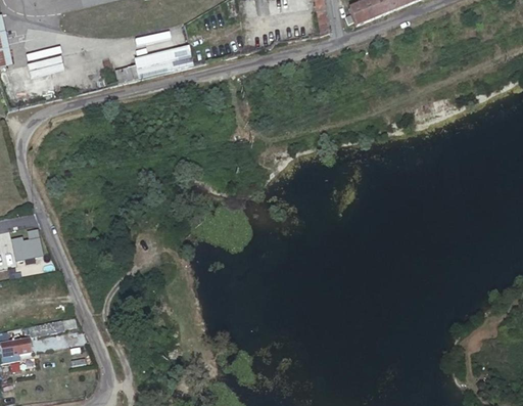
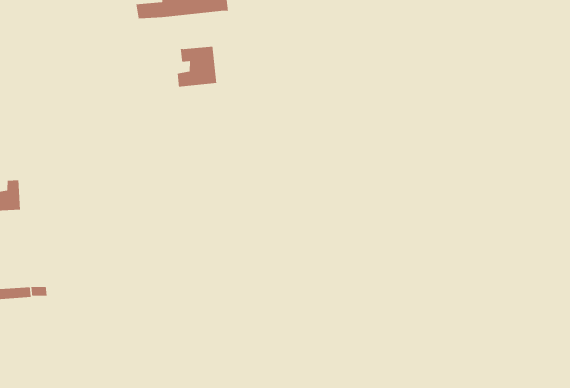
building: none -> [177,46,217,88]

